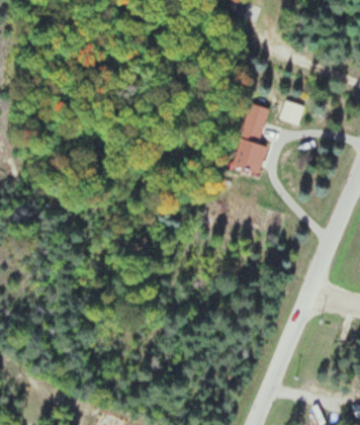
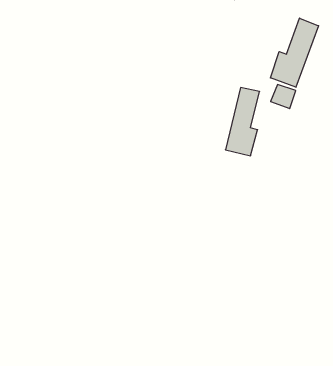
building: none -> [270,18,319,87]

